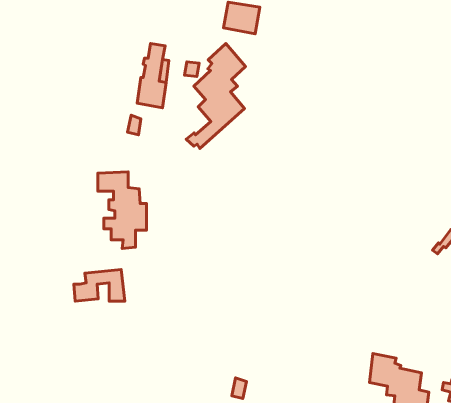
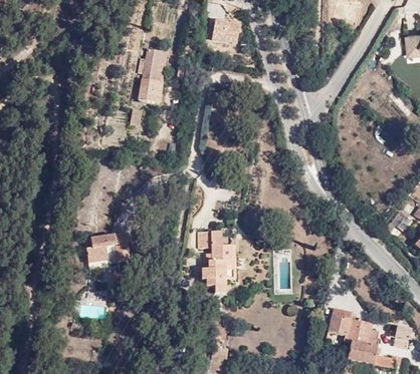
building: [186,43,246,148] -> none
building: [98,172,146,248] -> [195,232,235,295]

